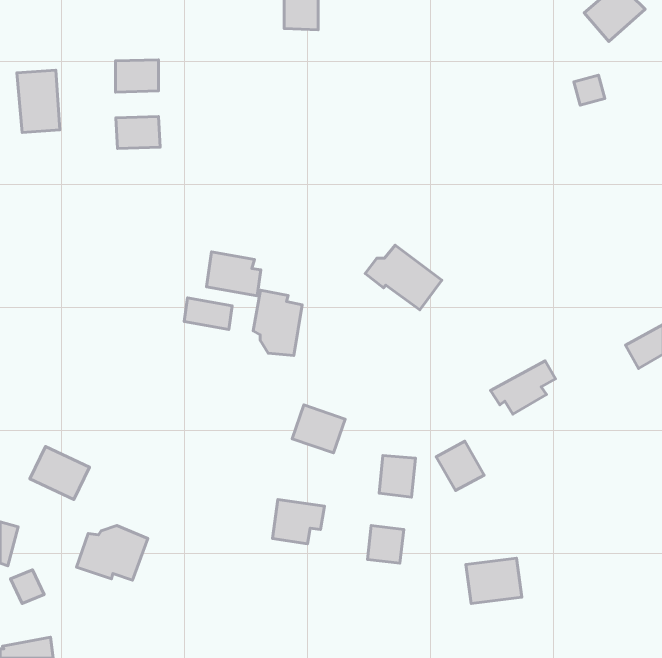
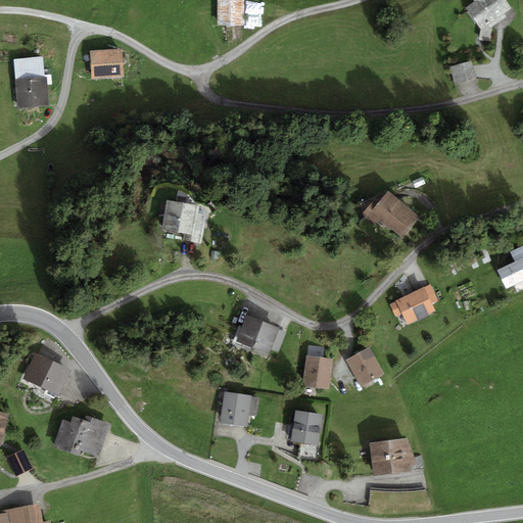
building: [116,117,160,148] -> none
building: [365,245,442,310] -> [362,190,422,241]
building: [253,290,302,355] -> none
building: [184,298,232,329] -> none

